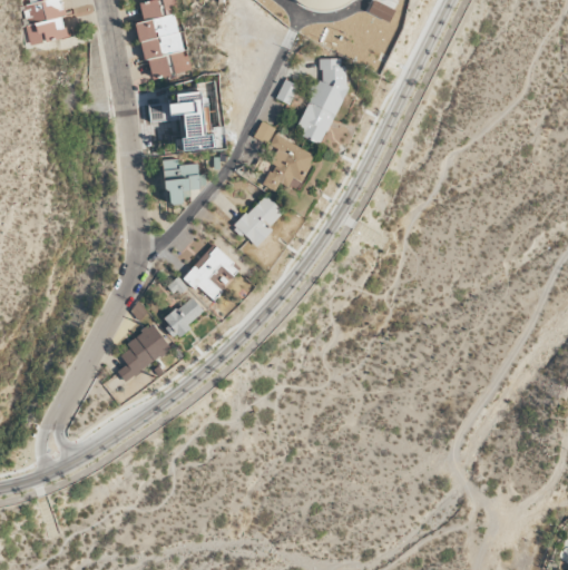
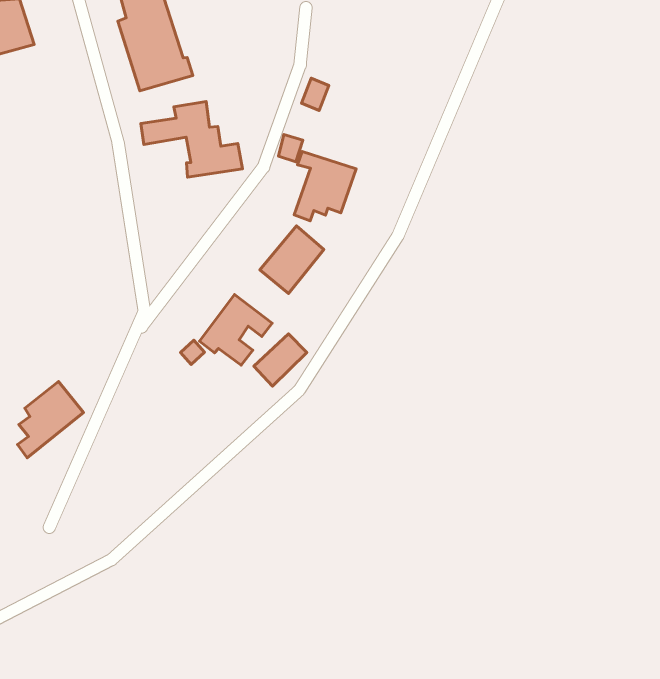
building: [295,59,344,145] -> none
building: [161,159,206,205] -> none
building: [161,297,204,337] -> [254,334,307,386]
building: [117,324,170,382] -> [18,382,84,458]

